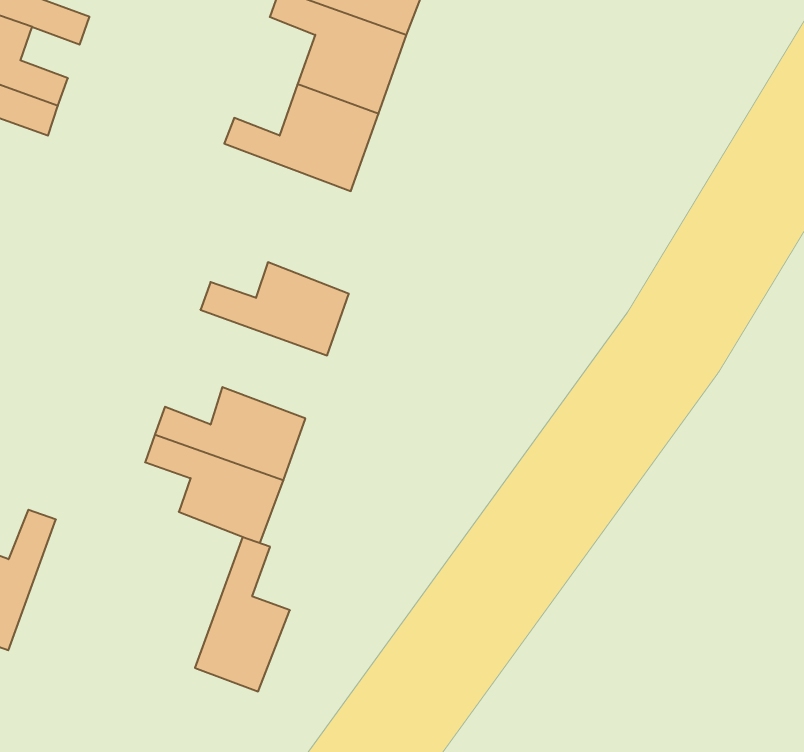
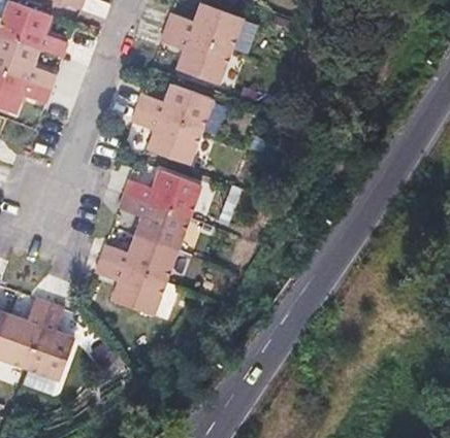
building: none -> [131,107,202,164]
building: none -> [119,194,190,250]
building: [195,537,290,691] -> [24,303,73,383]

